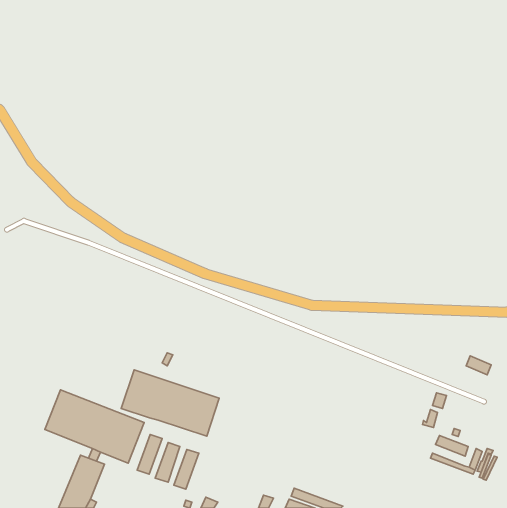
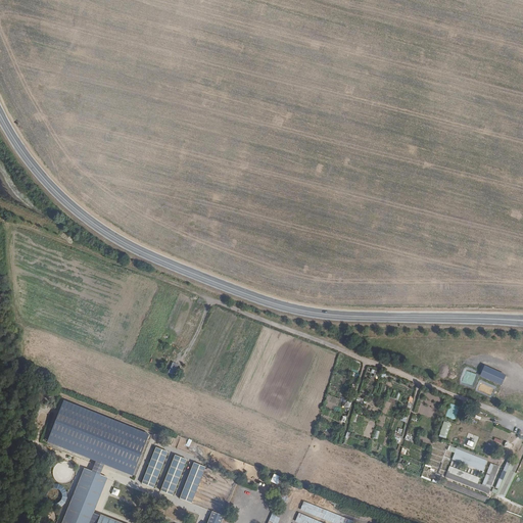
building: [121,370,219,436] -> none

